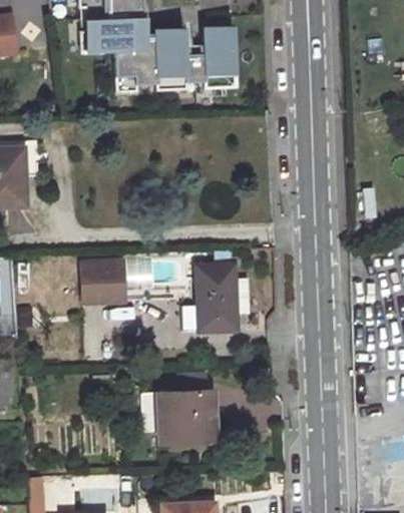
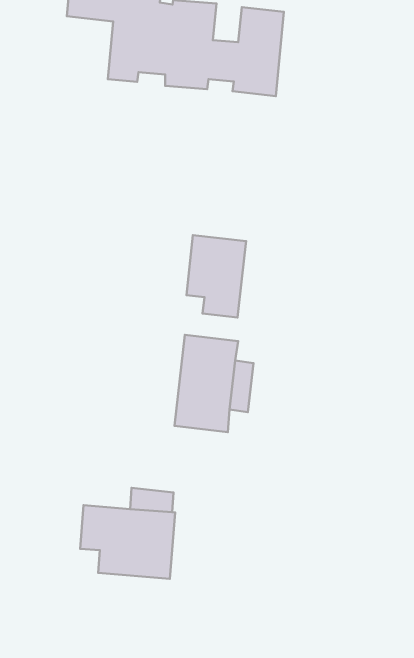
building: none -> [187,235,246,317]
building: [82,259,125,302] -> none

